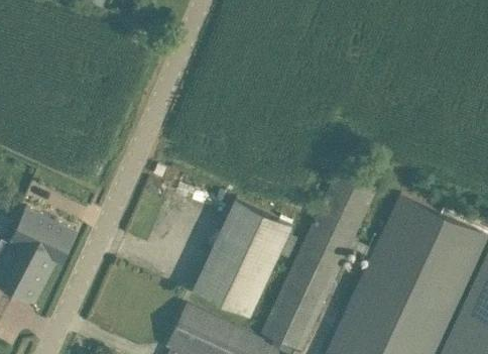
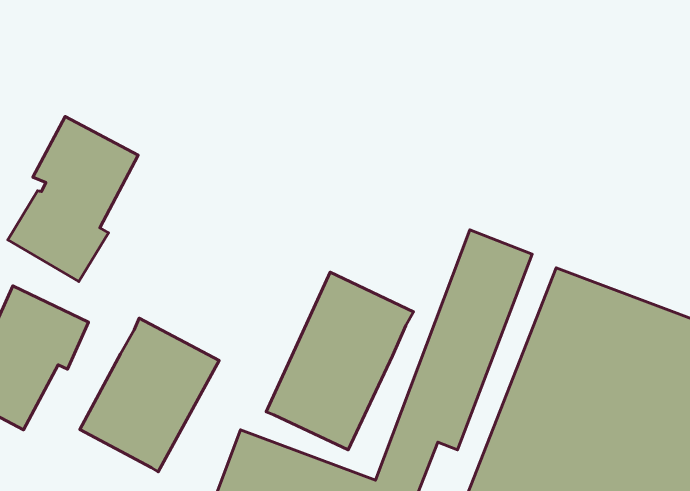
building: none -> [8,117,138,282]
building: none -> [80,318,219,472]

